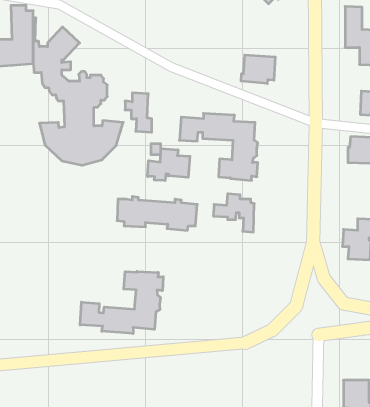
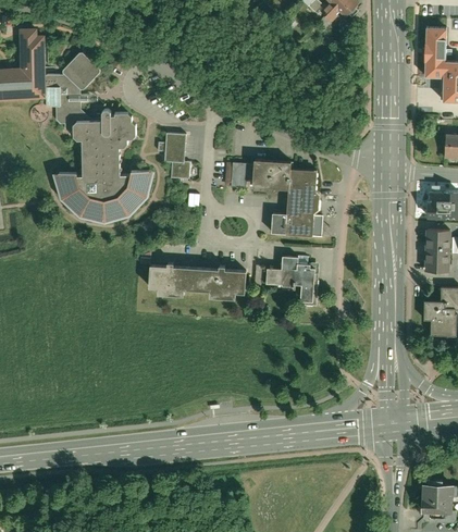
building: [241,55,275,84] -> none
building: [148,148,190,181] -> none
building: none -> [424,227,450,273]
building: [80,271,163,334] -> none

